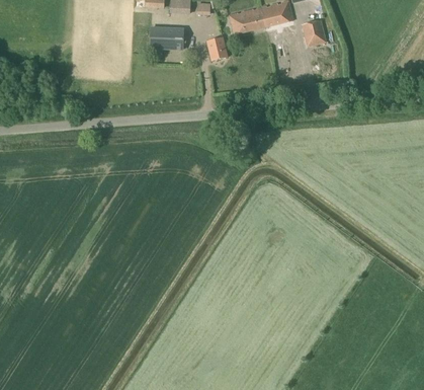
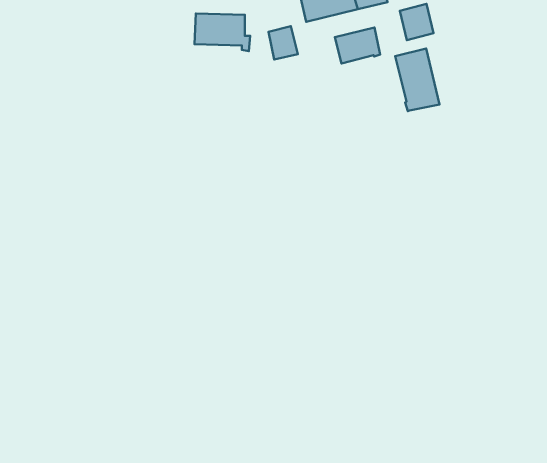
building: none -> [335,28,380,63]
building: none -> [395,48,440,111]

